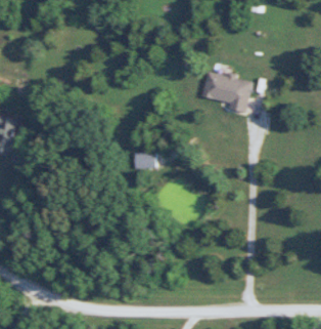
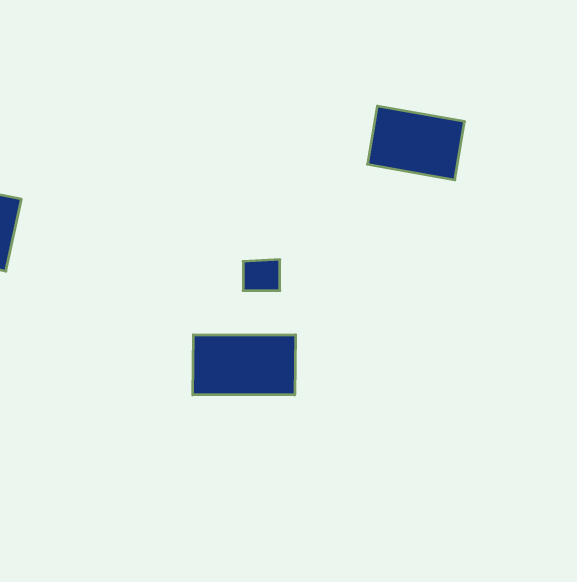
building: none -> [193,335,296,395]

